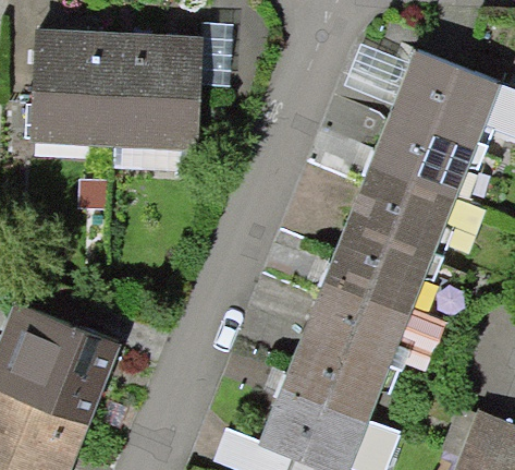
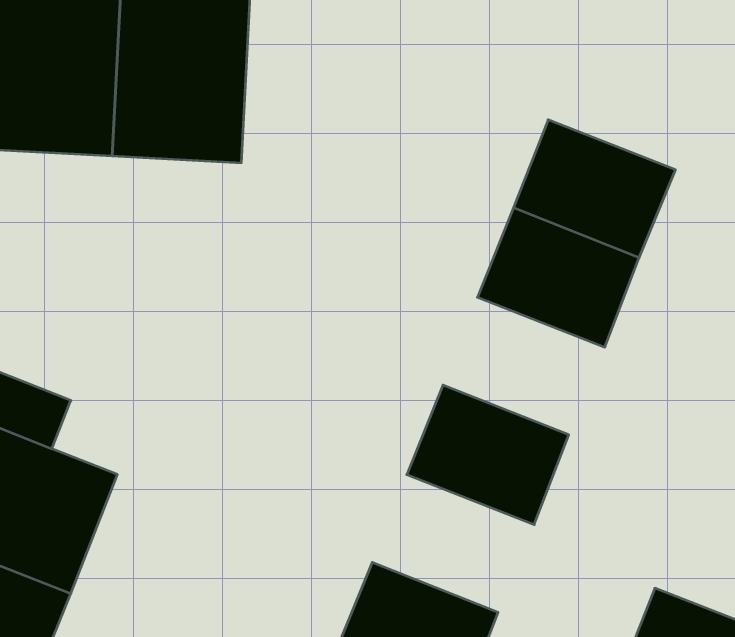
building: [390,62,492,150] -> none
building: [323,231,426,318] -> none
building: [279,344,381,431] -> none

